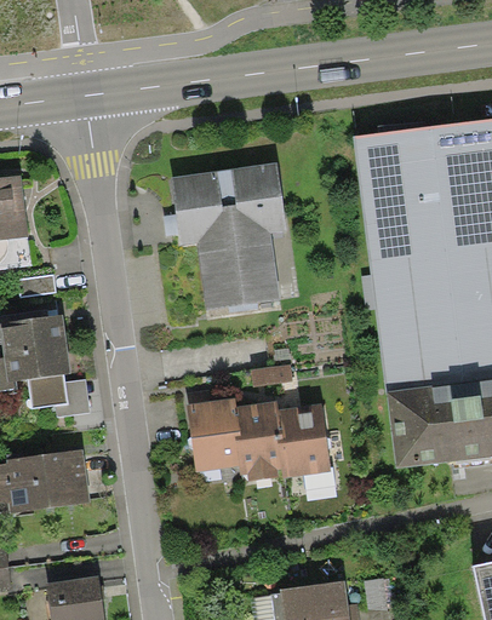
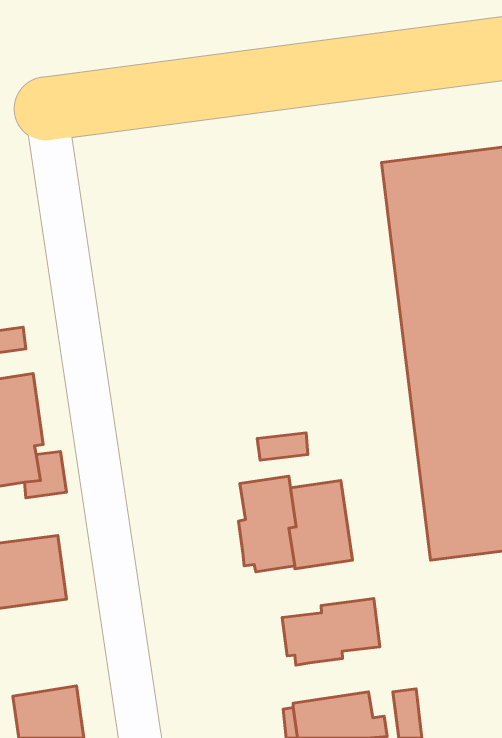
building: [170,162,286,314] -> none
building: [185,397,240,470] -> none
building: none -> [282,599,380,665]

